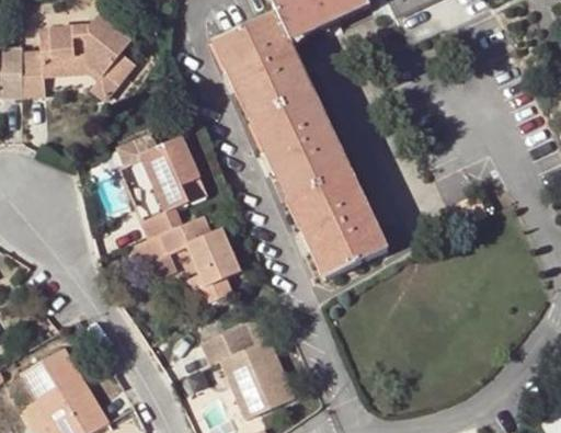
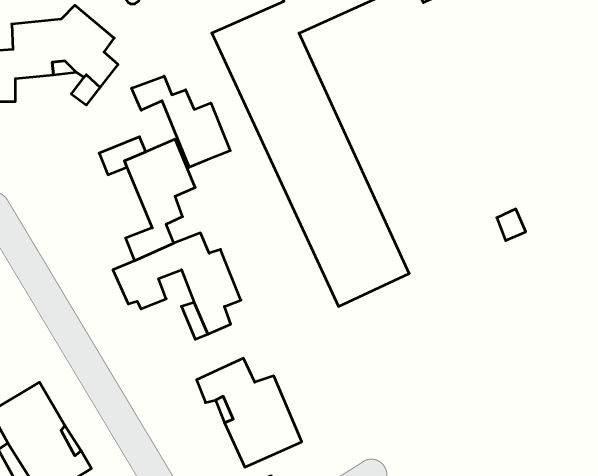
building: none -> [132,76,230,167]

